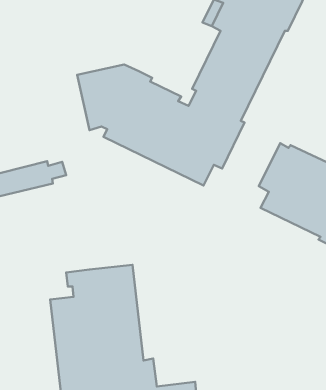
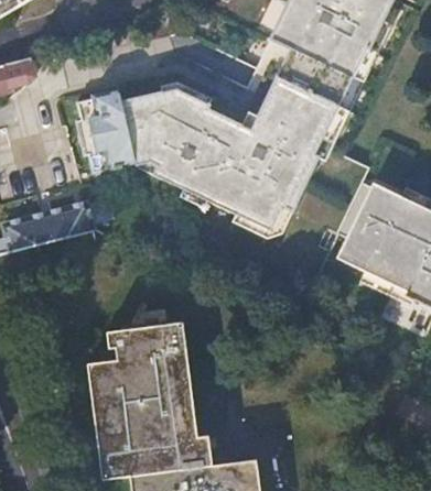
building: none -> [77,89,136,173]

